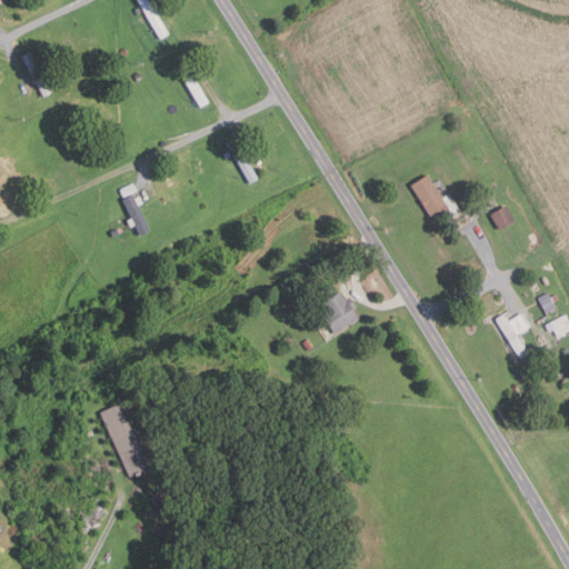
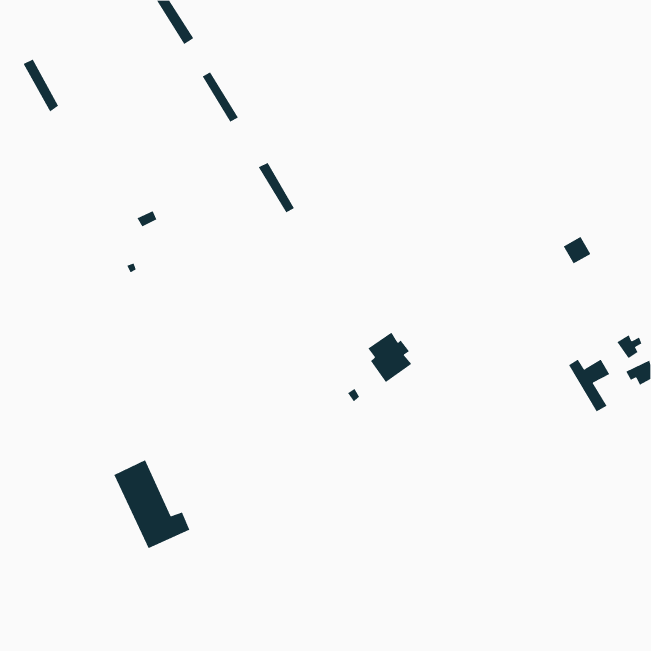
building: [411,174,450,219] -> none
building: [123,197,150,238] -> none

